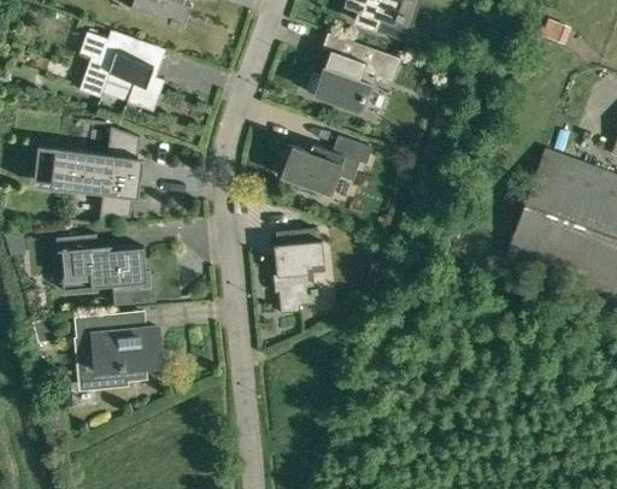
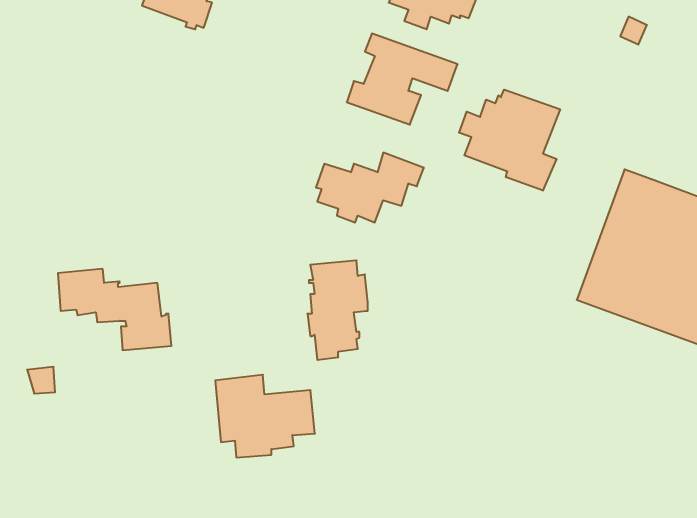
building: [78,30,164,111] -> none
building: none -> [459,90,560,191]
building: [33,126,143,220] -> none
building: [76,314,161,385] -> [215,375,315,457]

